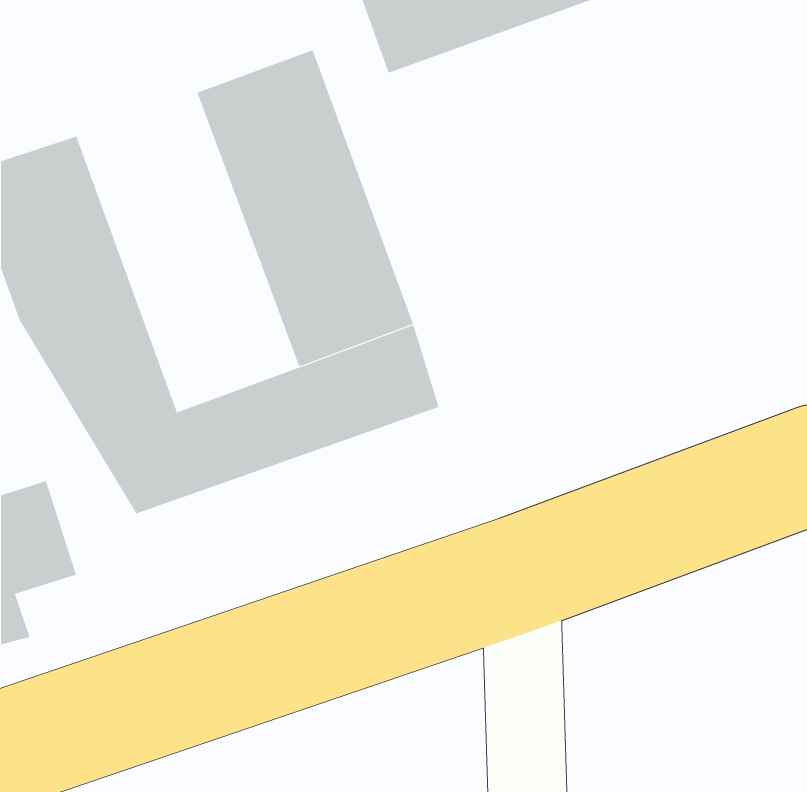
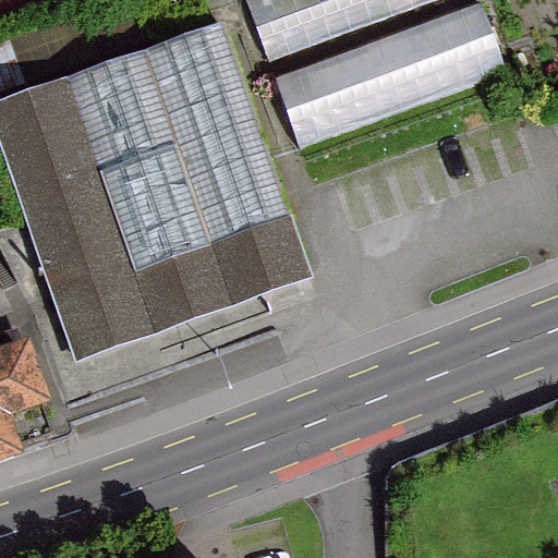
building: none -> [276,4,502,138]
building: none -> [59,63,210,281]

